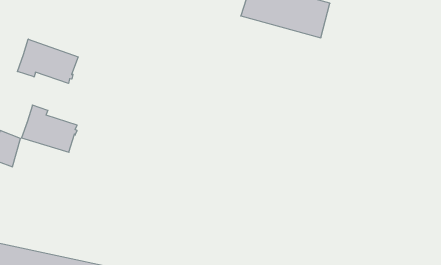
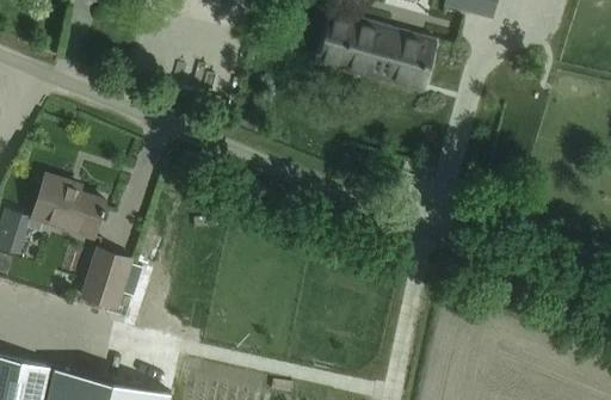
building: [17,39,78,83] -> none
building: none -> [80,248,129,308]

